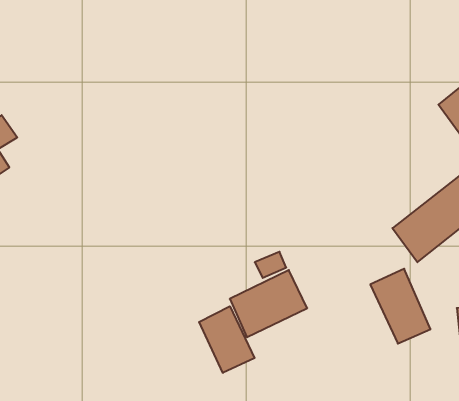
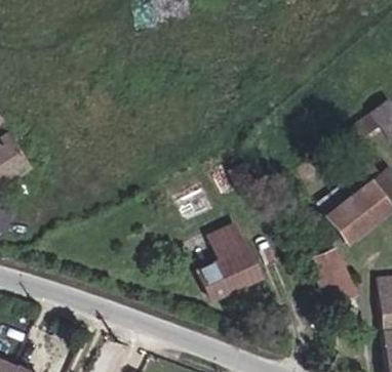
building: [199,306,255,373] -> none

